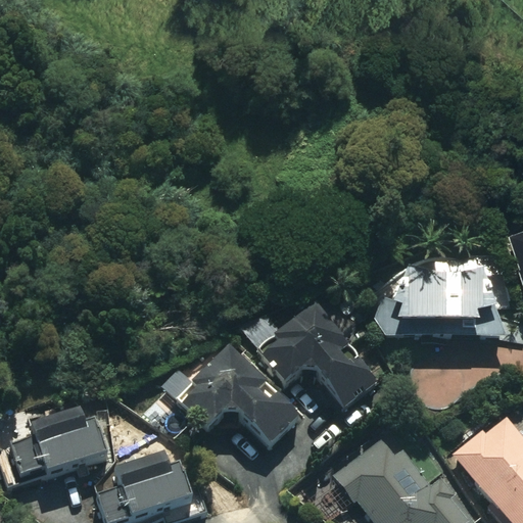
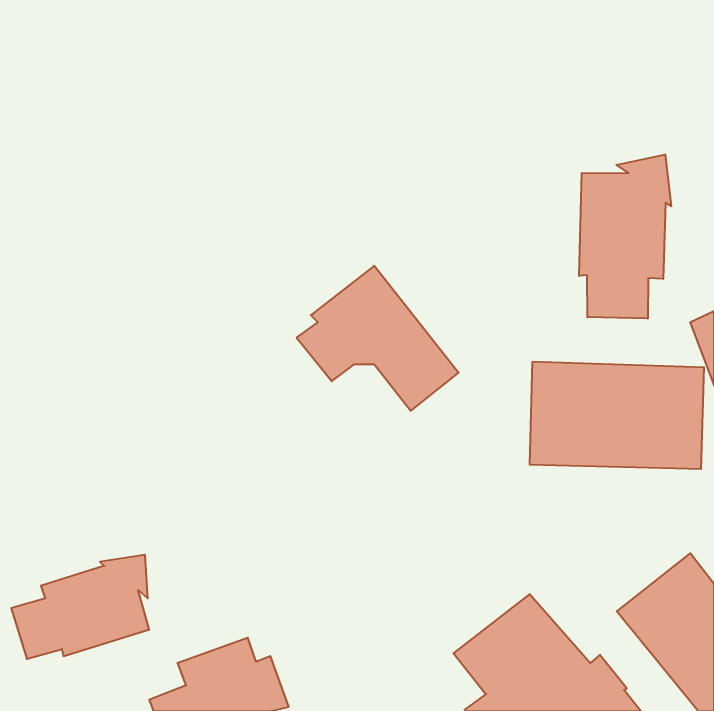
building: none -> [579,154,671,319]
building: [259,303,377,409] -> [297,266,459,411]
building: [182,345,300,448] -> none

